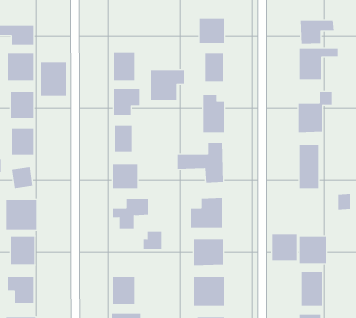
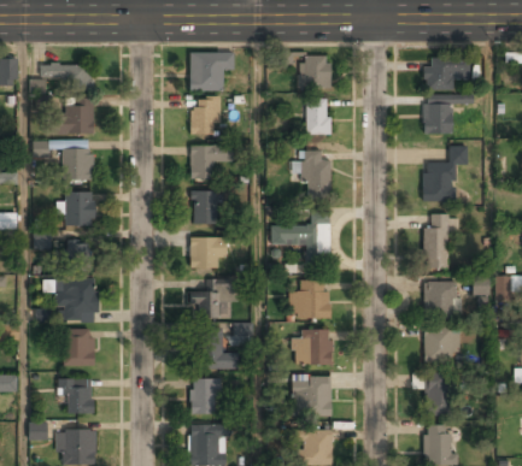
building: [40,61,67,96] -> none
building: [150,70,185,101] -> [189,53,233,92]
building: [271,234,297,261] -> [424,283,457,317]
building: none -> [197,330,237,371]

